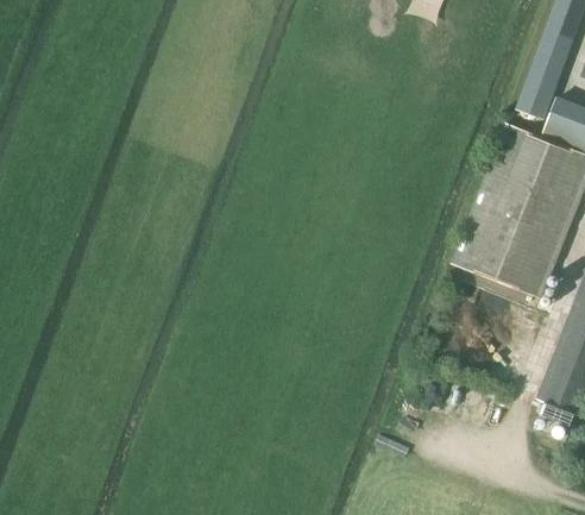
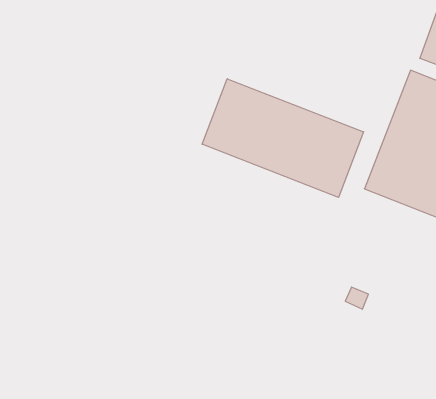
building: none -> [202,79,364,197]

